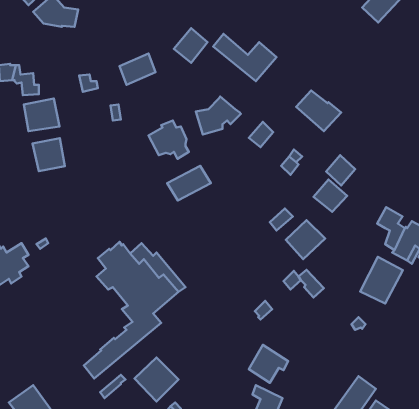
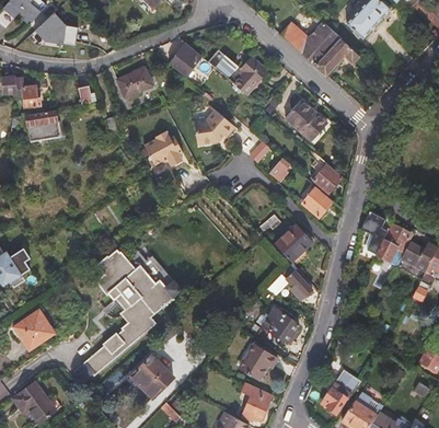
building: none -> [280,21,358,74]
building: [33,138,65,171] -> none
building: [167,166,211,201] -> none
building: [360,257,403,304] -> none
building: none -> [262,308,298,344]
building: none -> [13,309,55,349]

